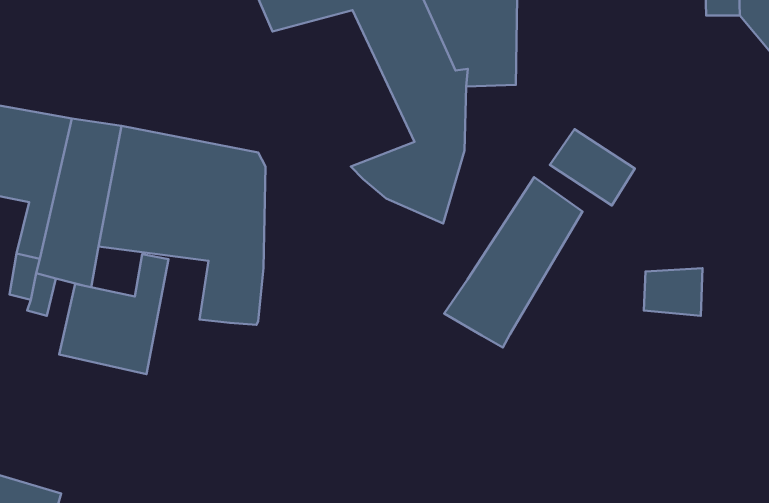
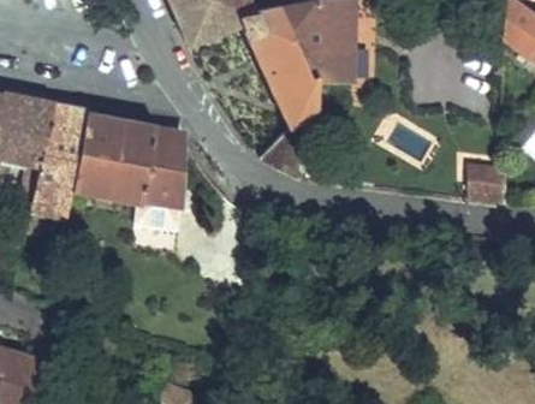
building: [444,177,583,347] -> none
building: [59,254,168,374] -> none
building: [644,268,702,316] -> [466,170,506,202]

